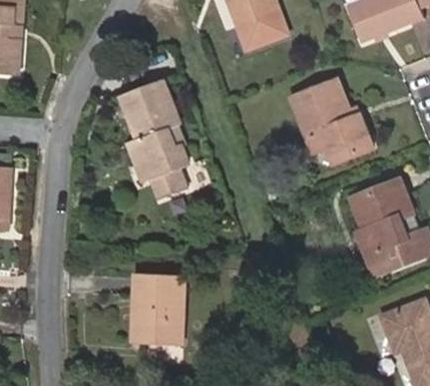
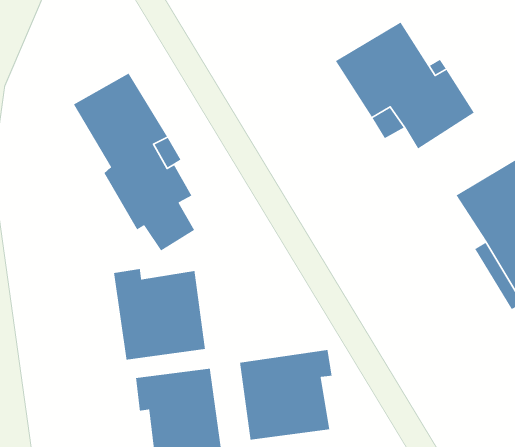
building: none -> [113,268,206,361]
building: none -> [239,349,333,441]

